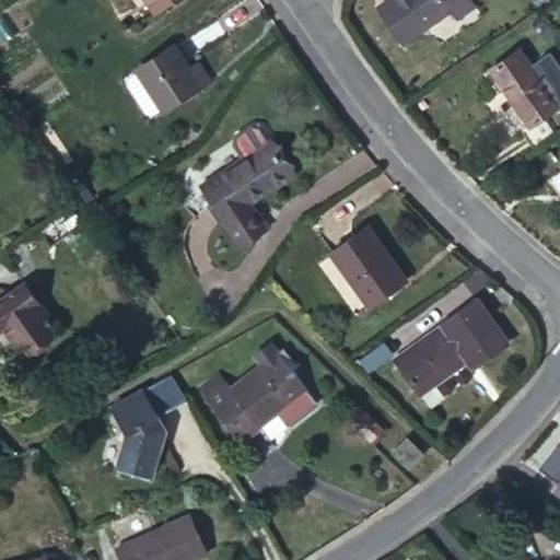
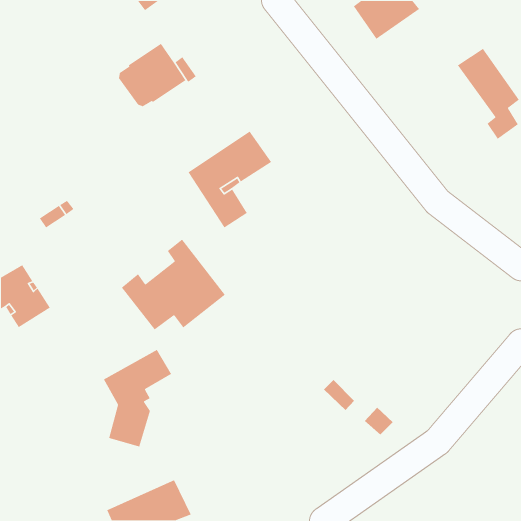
building: [330,226,407,307] -> none
building: [396,302,505,390] -> none
building: [202,342,315,441] -> [121,239,226,330]

